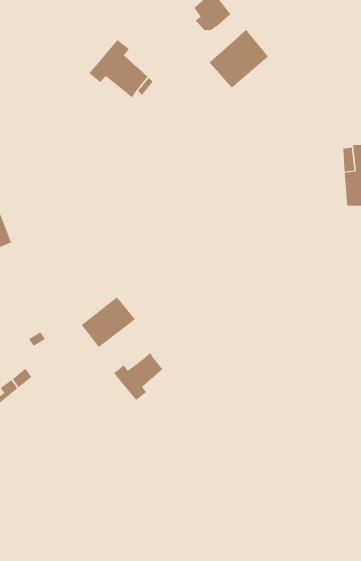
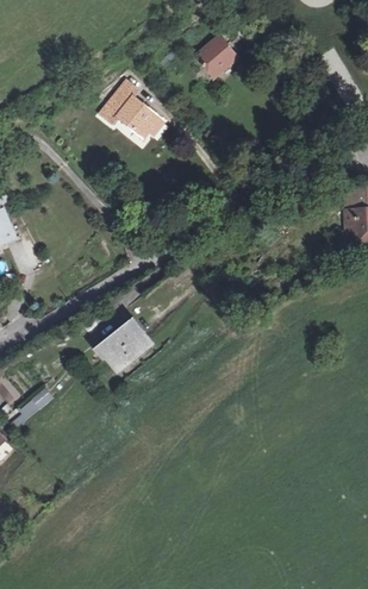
building: [209,29,269,89] -> none
building: [113,352,163,401] -> none

